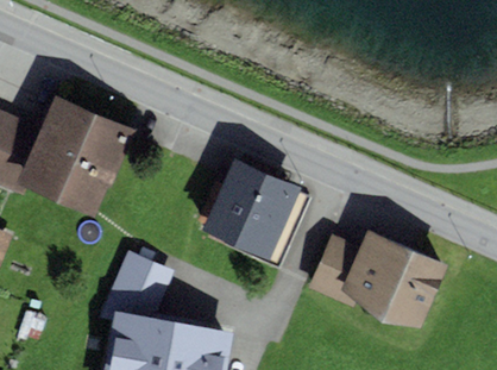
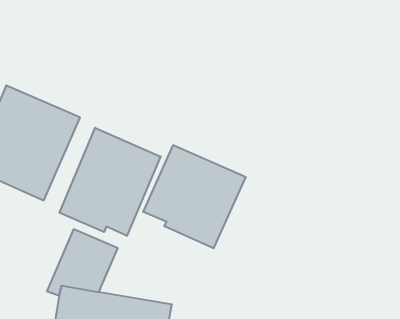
building: none -> [59,128,161,236]
building: [308,230,446,327] -> none

